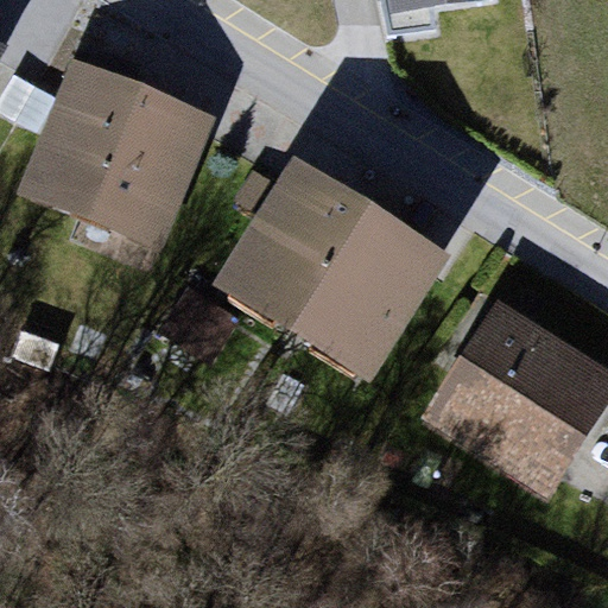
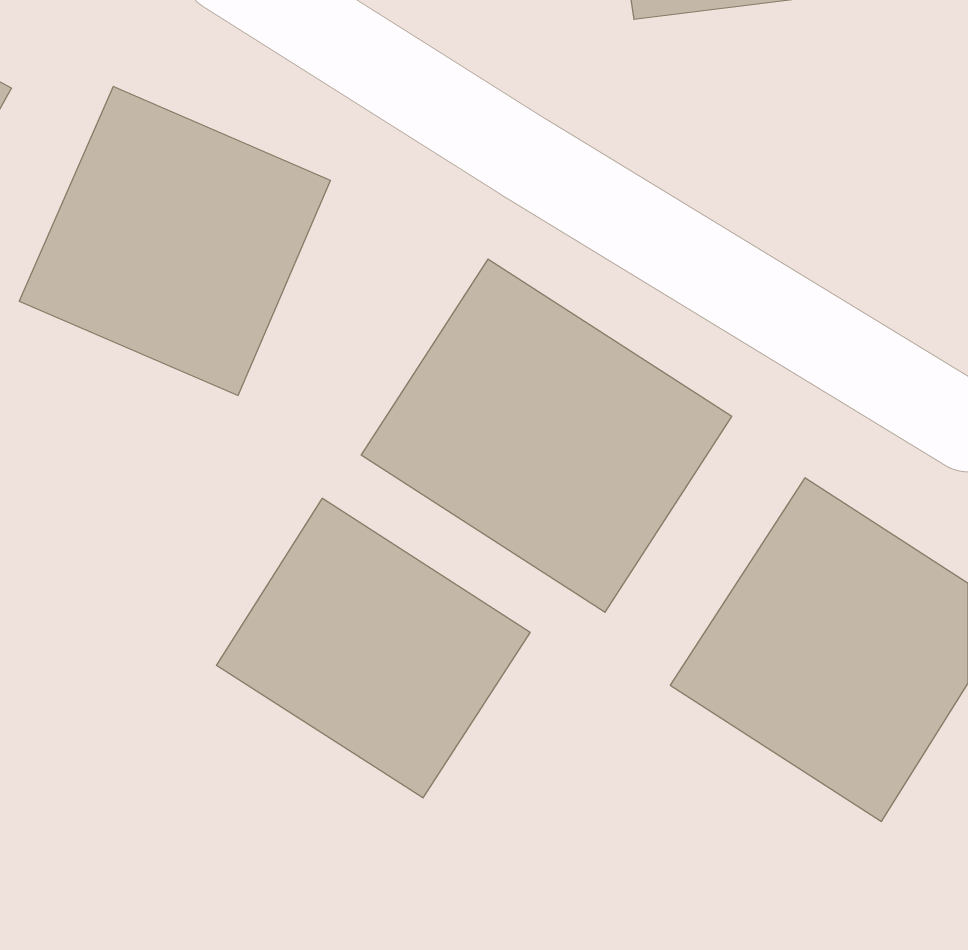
building: none -> [216,498,530,798]

